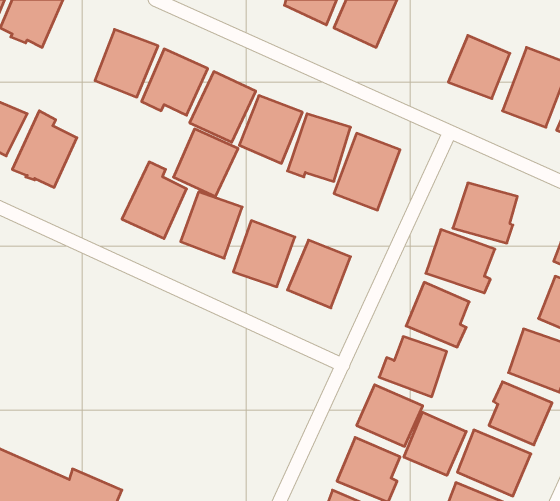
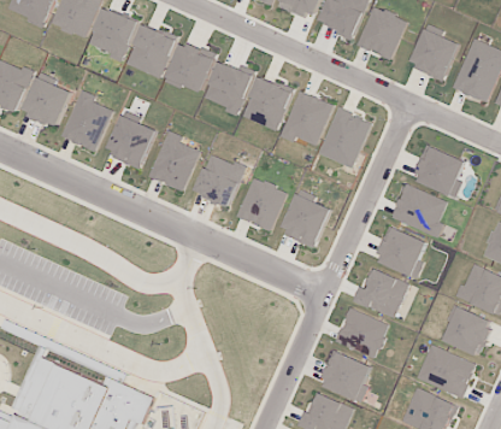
building: none -> [356,6,407,59]
building: none -> [88,8,138,63]
building: [173,129,238,197] -> [106,114,158,169]
building: [404,412,466,475] -> none

